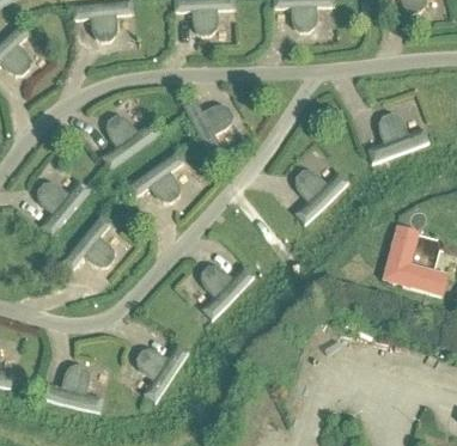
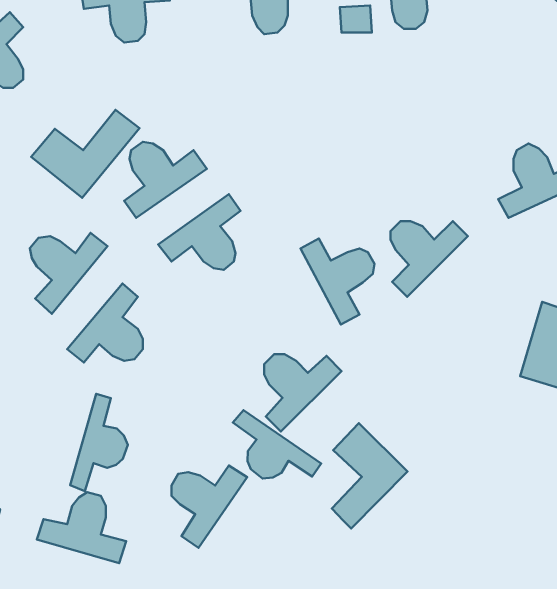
building: none -> [31,110,140,198]
building: [181,94,233,155] -> [300,239,375,324]
building: none -> [70,394,128,491]
building: none -> [233,410,321,478]
building: none -> [332,423,407,529]

